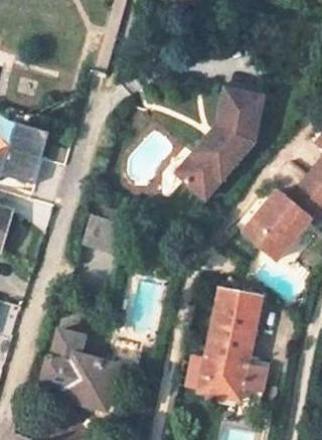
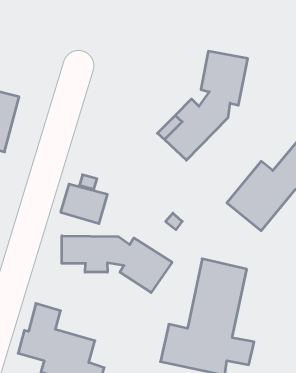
building: none -> [62,236,172,293]

